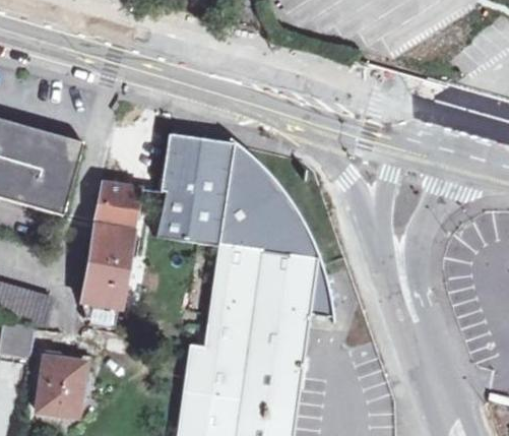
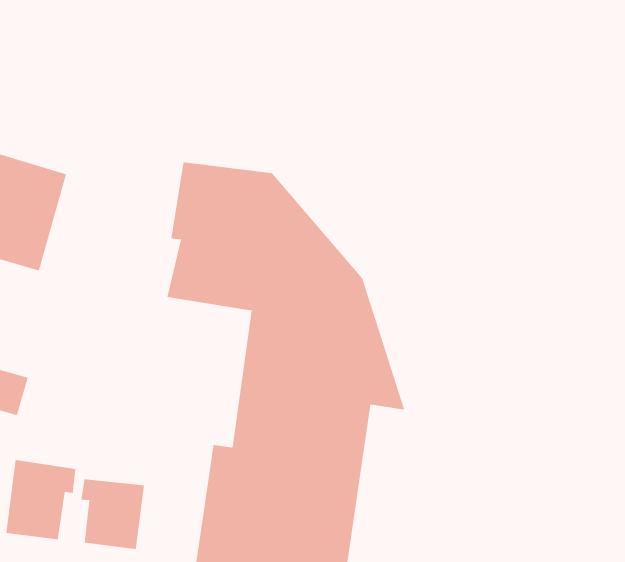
building: [80,184,141,307] -> none
building: none -> [81,478,144,550]

